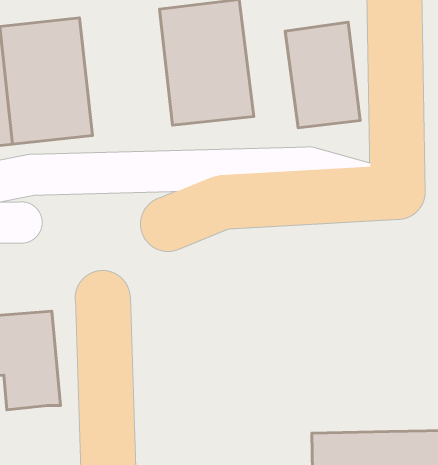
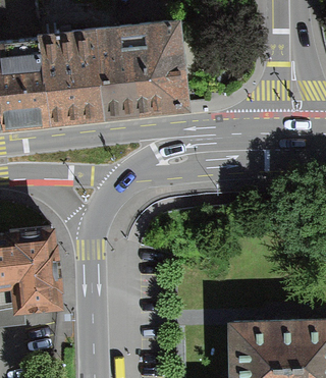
building: none -> [68,25,133,114]
building: [285,22,360,128] -> none

